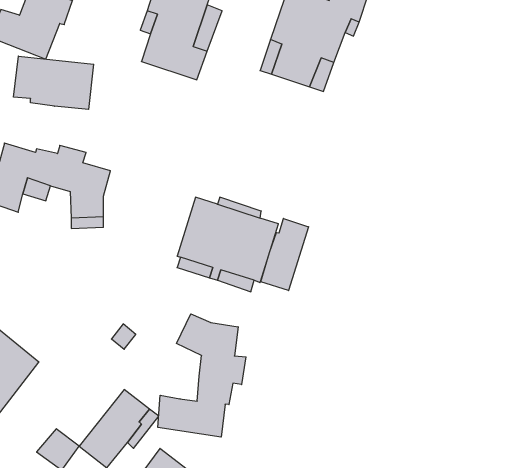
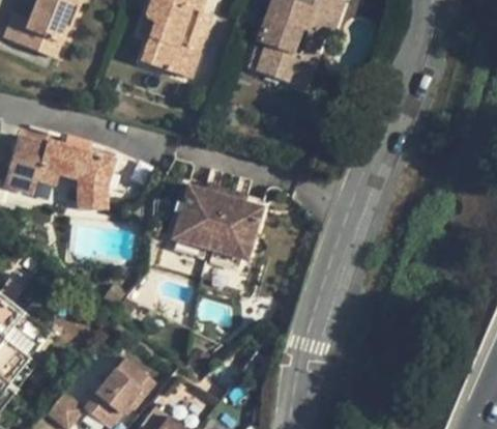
building: [14,56,94,109] -> none
building: [261,218,309,291] -> none
building: [158,314,246,437] -> none

